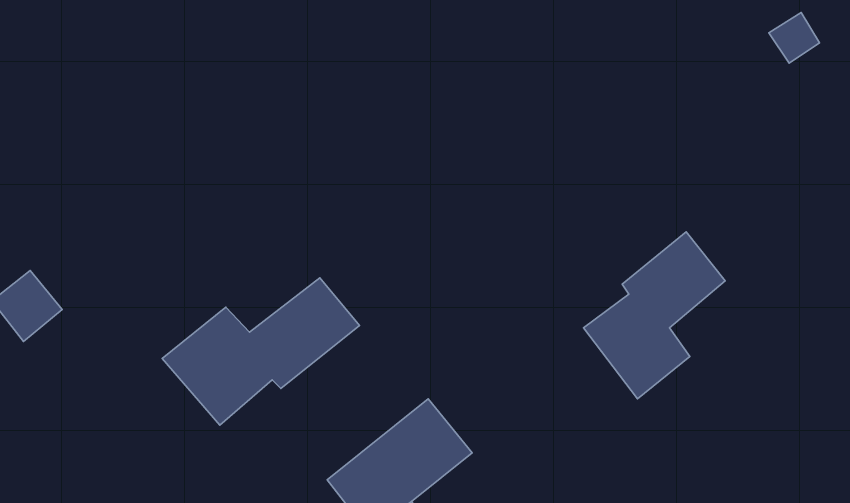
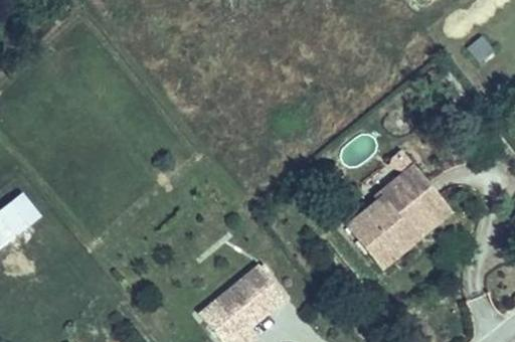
building: [162,278,359,425] -> none
building: none -> [402,195,449,240]

